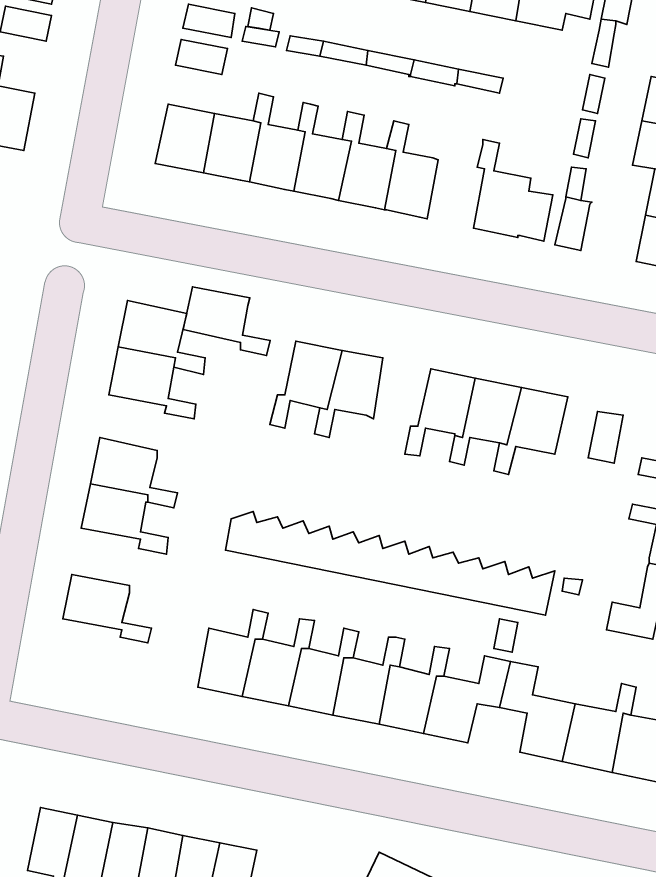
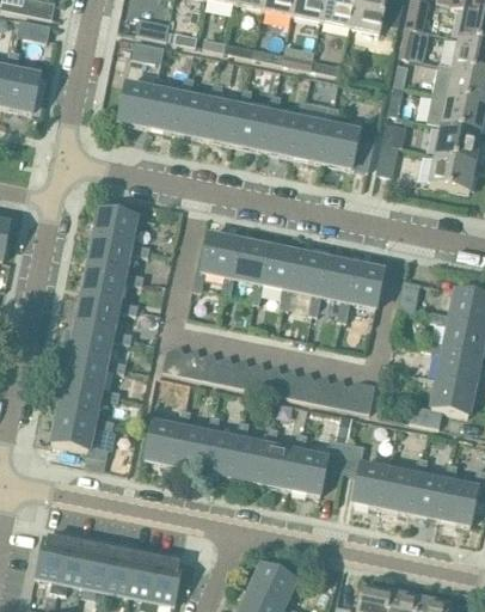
building: none -> [293,97,330,160]
building: [183,287,270,355] -> [81,268,137,312]
building: none -> [250,244,295,301]
building: none -> [63,354,119,399]
building: none -> [51,412,109,457]

